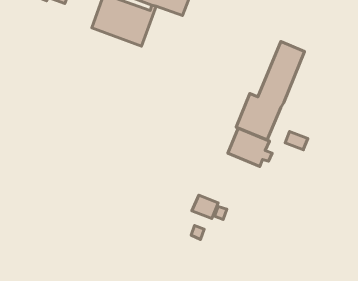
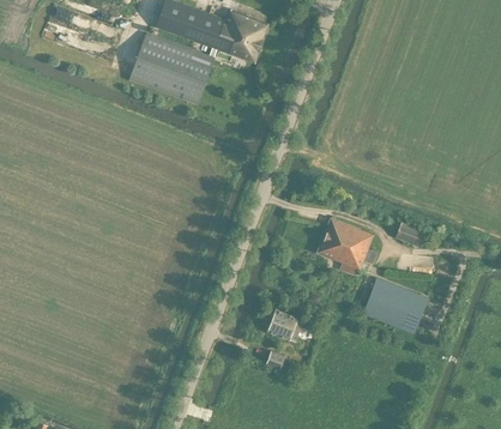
building: [236,42,305,140] -> none
building: none -> [362,277,428,333]

